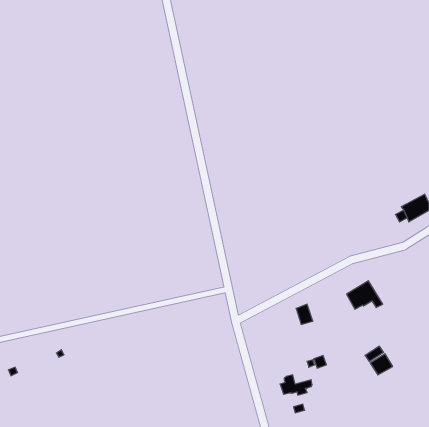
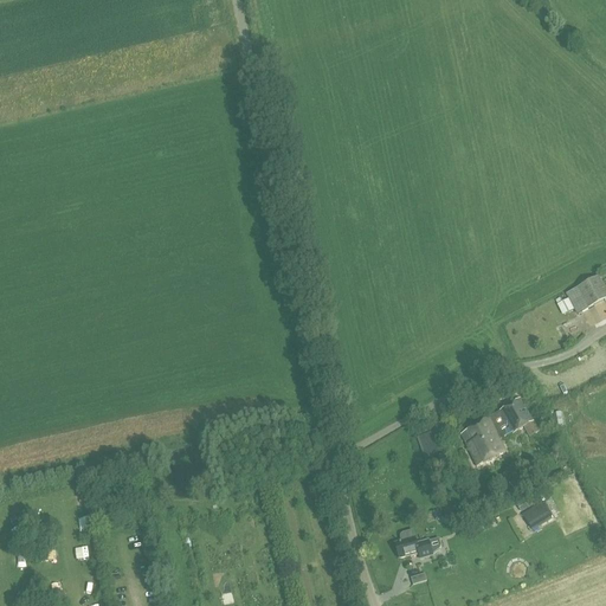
building: none -> [459,414,504,464]

